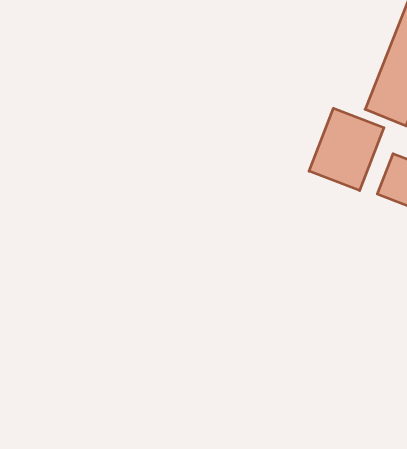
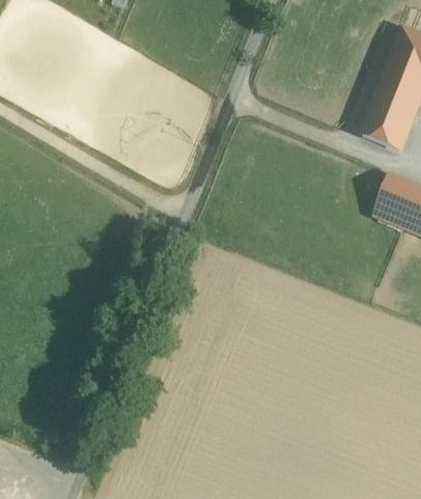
building: [309,108,384,191] -> none

